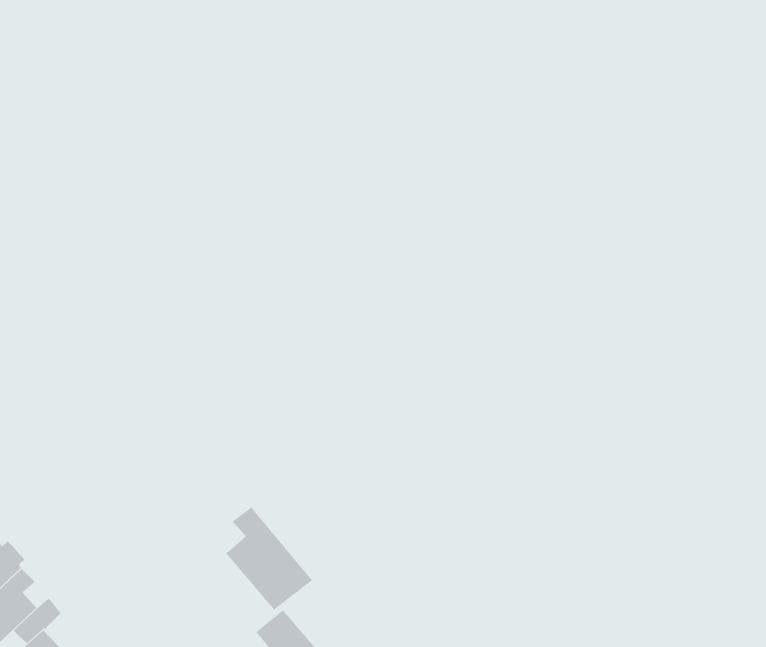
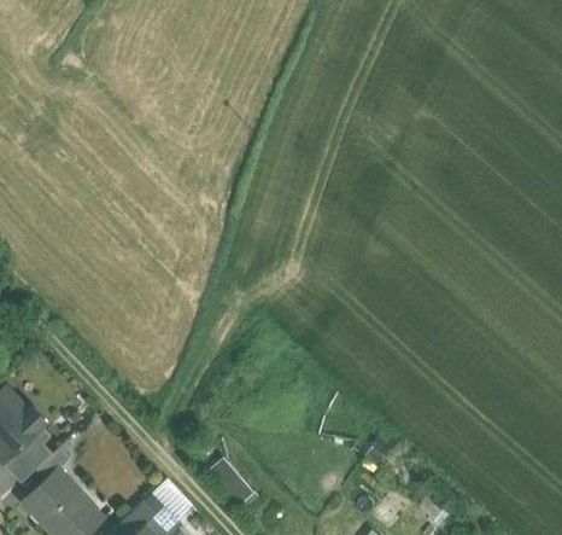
building: [226,507,313,610] -> none

